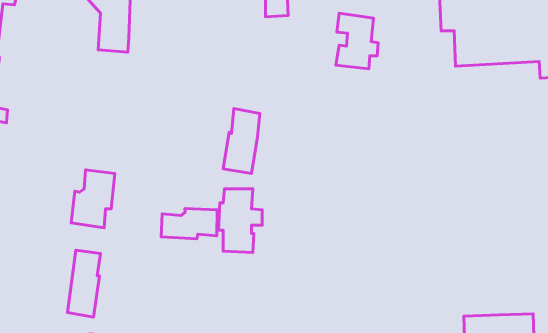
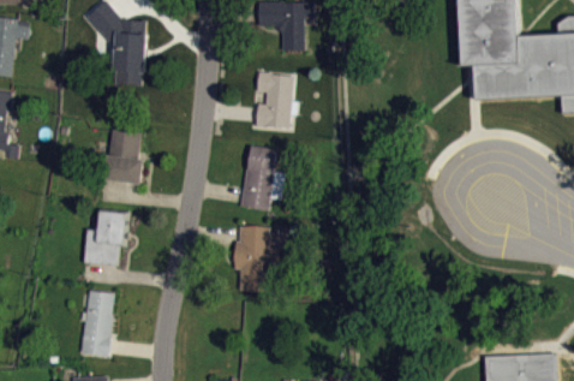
building: [336,13,378,69] -> [255,71,298,127]
building: none -> [102,127,142,184]
building: [161,208,217,239] -> none

